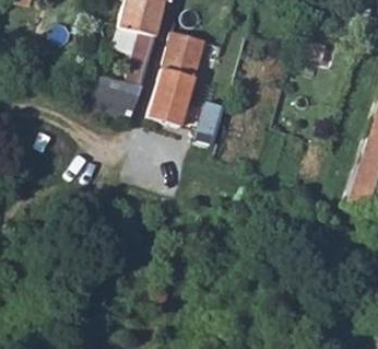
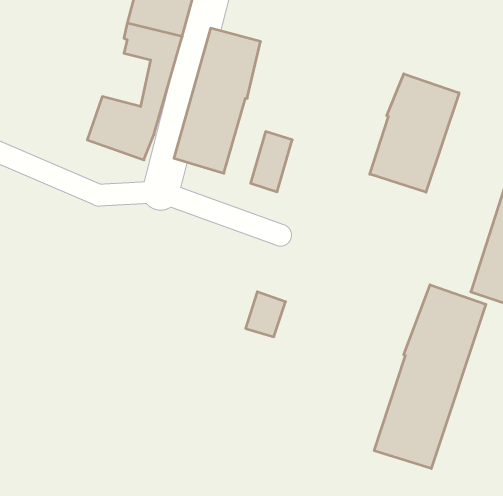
building: none -> [370,74,459,192]
building: none -> [374,285,486,469]

